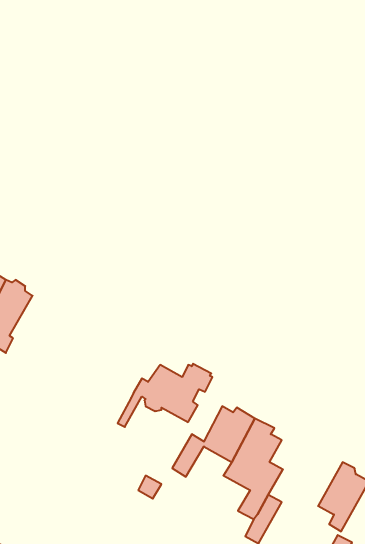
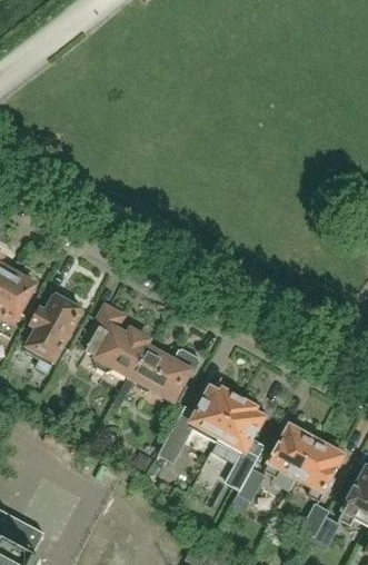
building: none -> [24,294,81,371]
building: none -> [78,305,152,378]
building: none -> [263,425,319,488]

